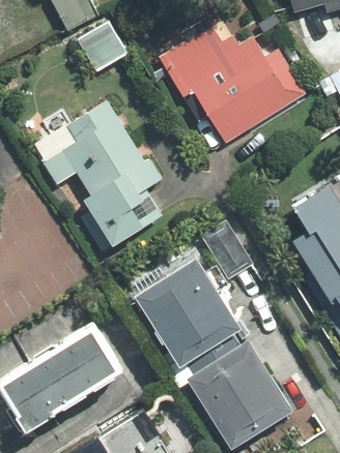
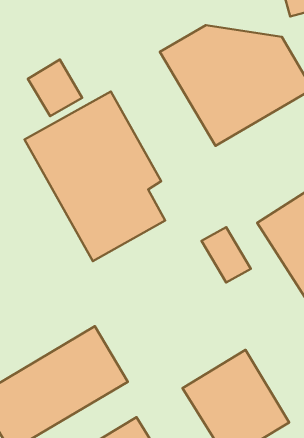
building: [78,18,131,72] -> [28,60,82,116]
building: [133,254,240,368] -> none

